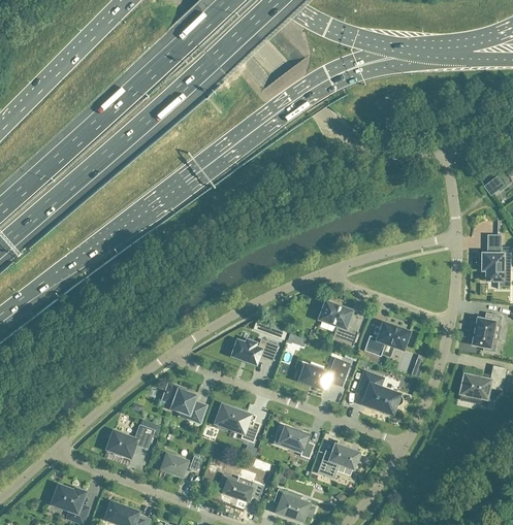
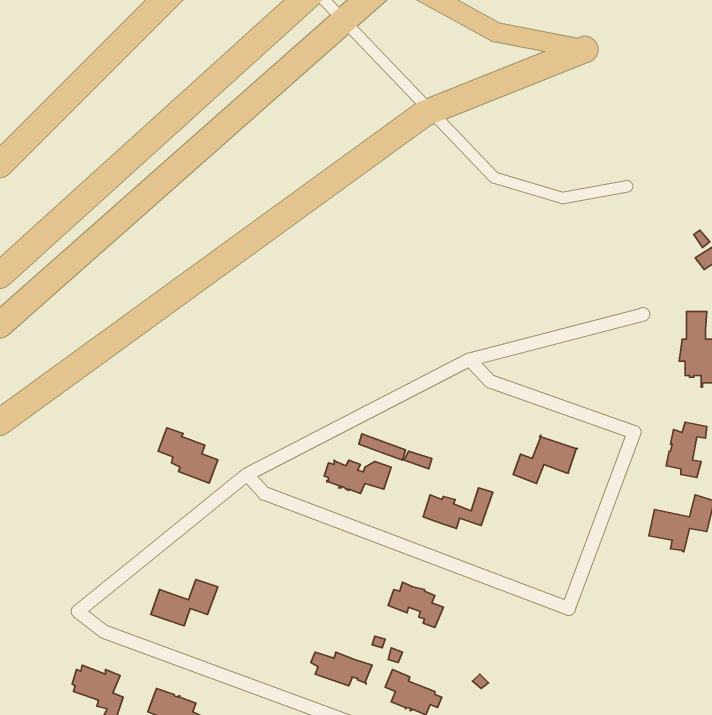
building: [320,299,358,346] -> none
building: [358,372,404,414] -> none
building: [163,383,205,422] -> [158,428,218,483]
building: [217,405,260,442] -> none
building: [317,445,360,479] -> none
building: [162,452,201,475] -> none

